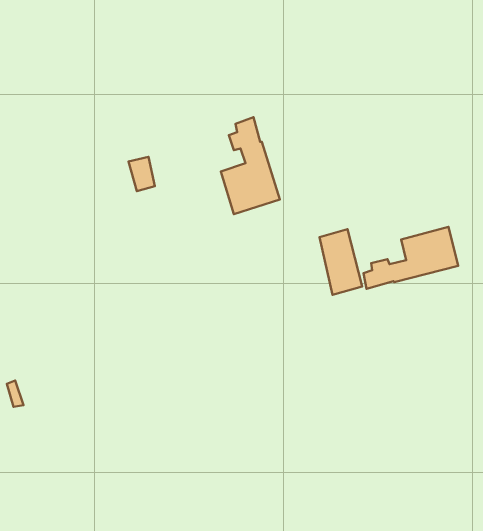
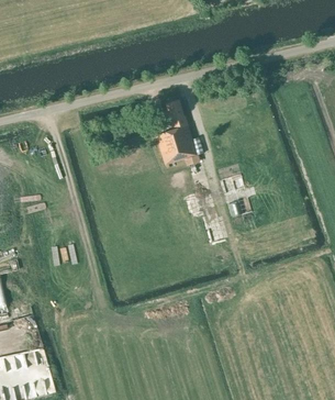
building: [364,227,458,289] -> none

